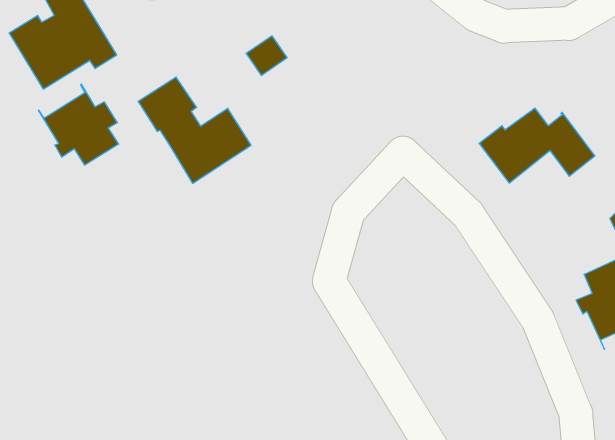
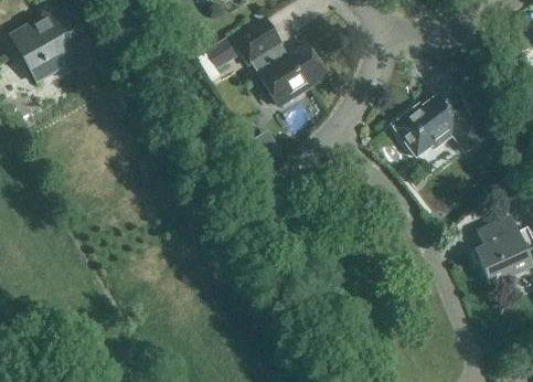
building: [138,77,251,183] -> [233,19,324,105]
building: [39,84,119,165] -> none

